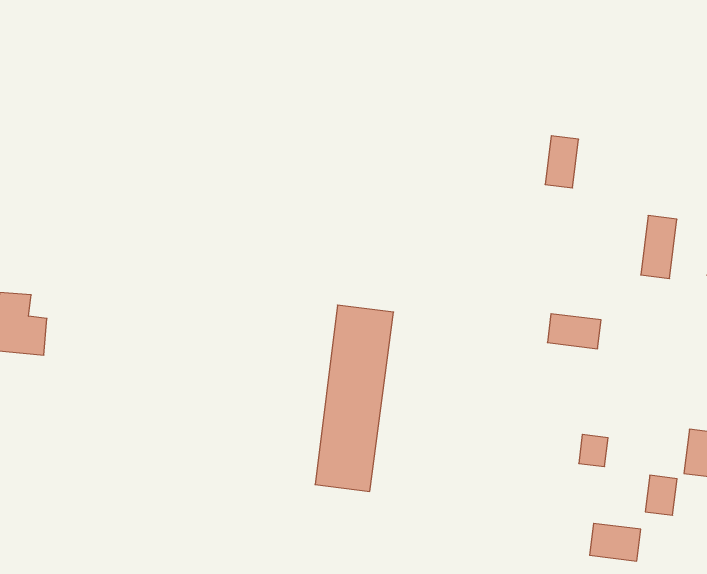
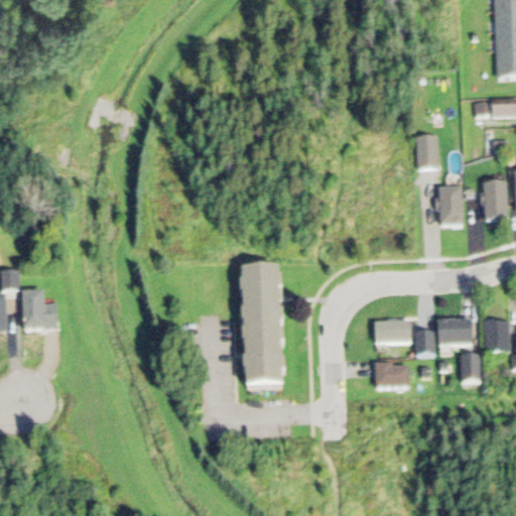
building: [545,136,579,188] -> [420,134,438,166]
building: [547,314,601,349] -> [374,322,407,342]
building: none -> [437,321,469,343]
building: [590,523,641,561] -> [377,365,408,386]

